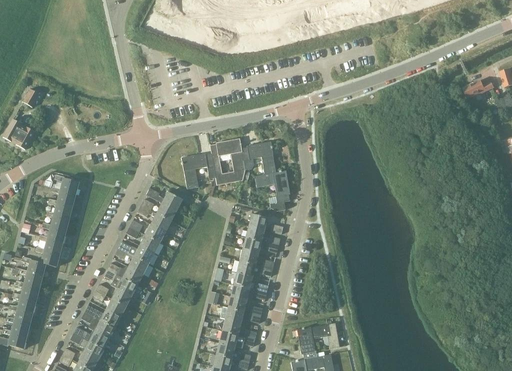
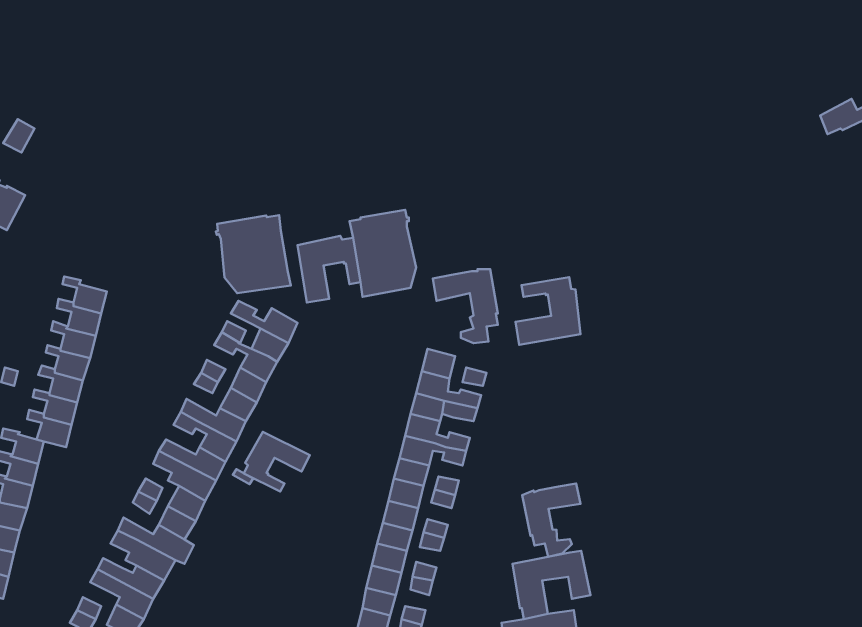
building: none -> [216,215,291,293]
building: [241,141,276,173] -> none
building: none -> [515,277,581,345]
building: none -> [244,432,310,492]
building: none -> [522,483,581,557]

